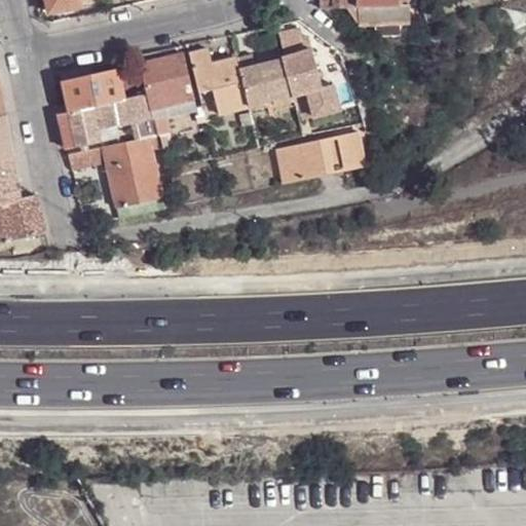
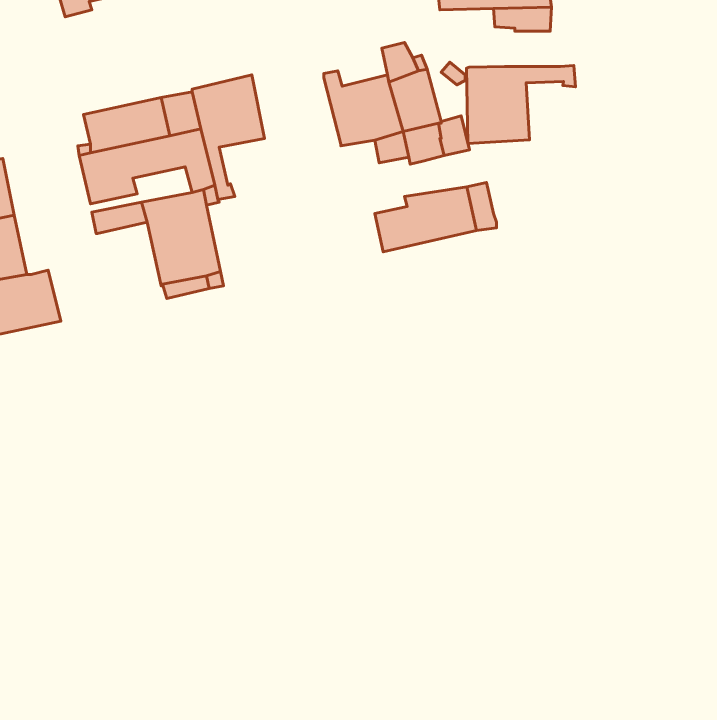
building: none -> [466,66,575,144]
building: [188,49,248,110] -> none

